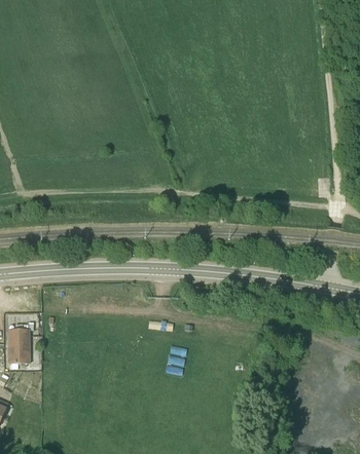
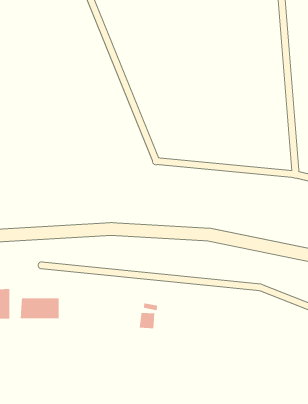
building: none -> [20,297,60,319]

